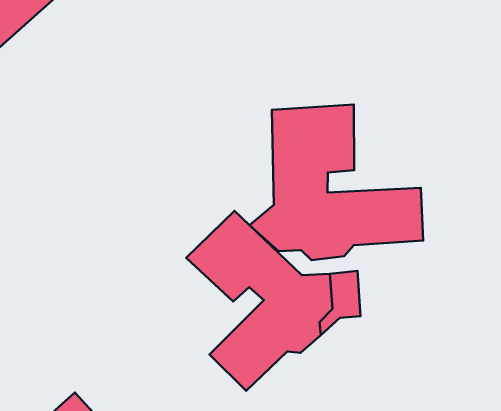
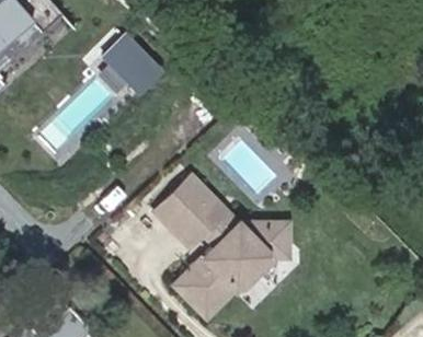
building: none -> [102,34,157,91]
building: [249,105,423,260] -> none

